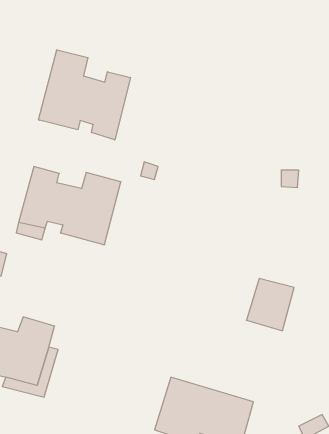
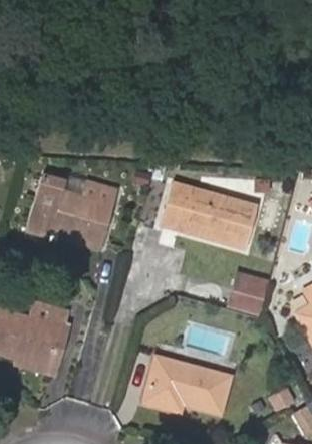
building: [39,50,130,140] -> none
building: none -> [161,184,256,248]

